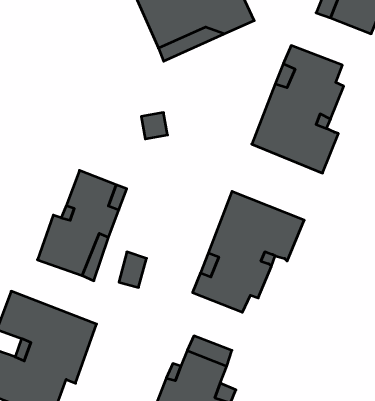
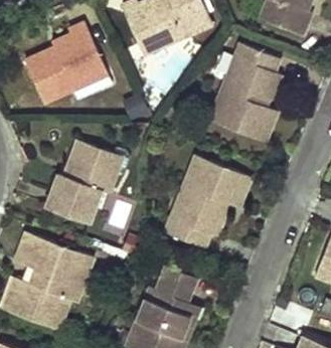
building: none -> [25,23,106,103]

